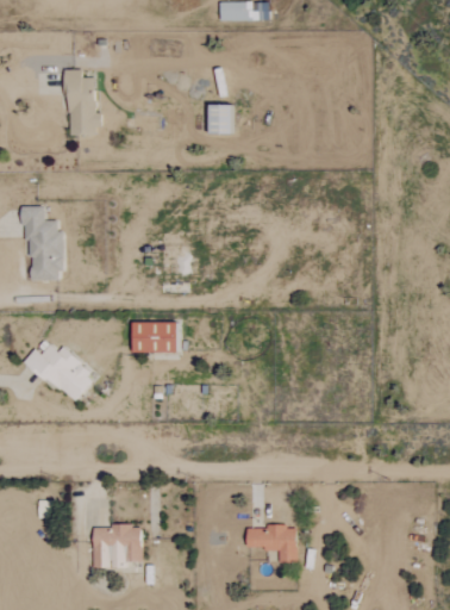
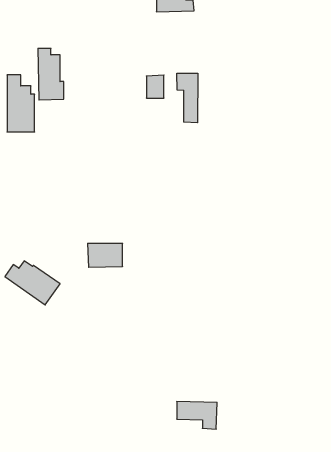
building: none -> [177,73,198,123]
building: [27,206,63,280] -> [7,75,35,132]
building: [93,525,142,568] -> none

